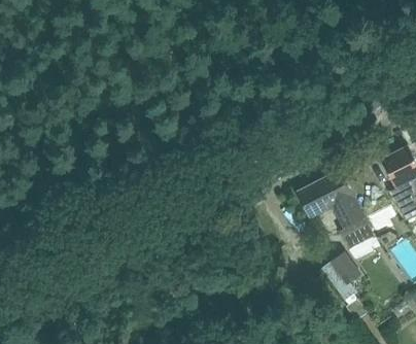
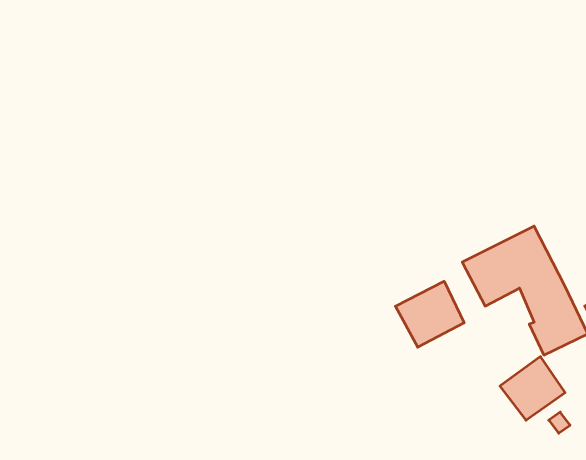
building: none -> [395,281,464,347]

